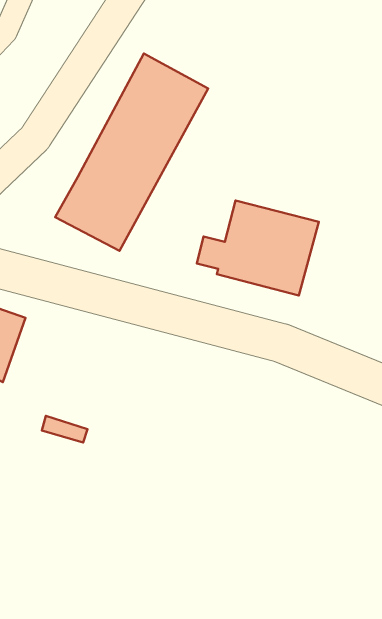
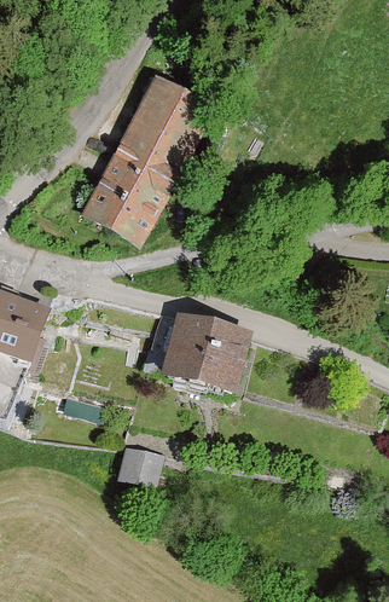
building: [197,200,319,296] -> [144,313,254,399]
building: none -> [122,446,164,487]

